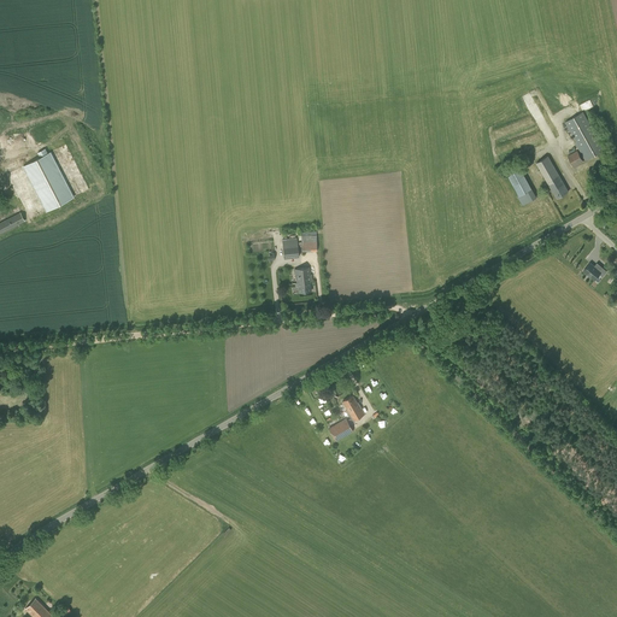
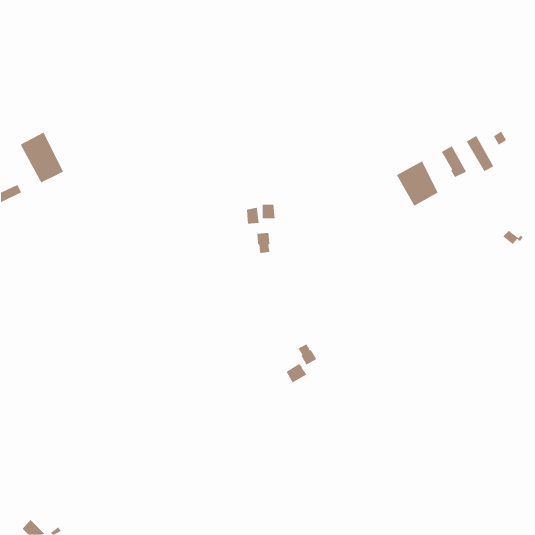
building: [565,112,605,160] -> none
building: none -> [396,161,439,207]

